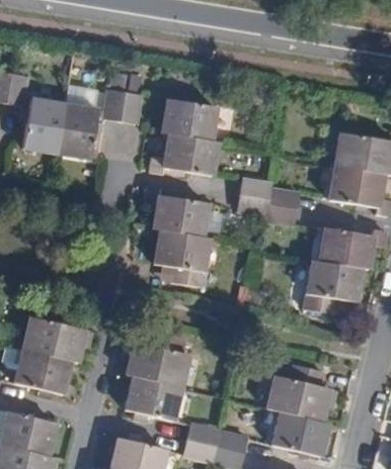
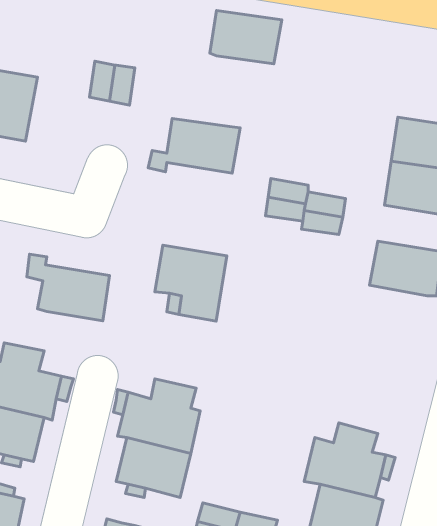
building: [162,100,217,140] -> [210,10,282,64]
building: [56,103,97,157] -> none
building: [145,187,208,238] -> [27,254,109,321]
building: [303,260,361,315] -> none

